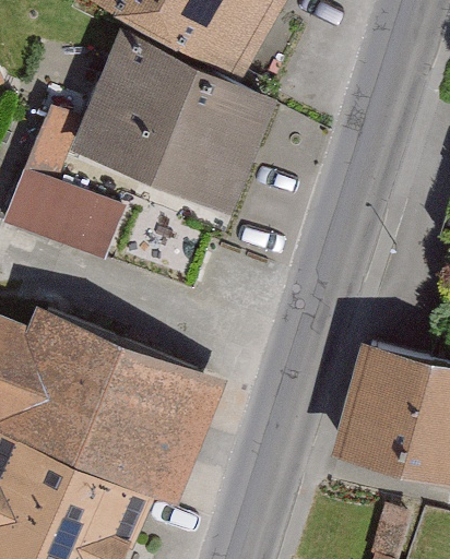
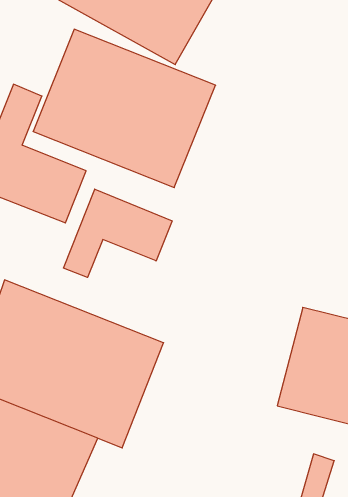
building: none -> [64,189,172,277]

